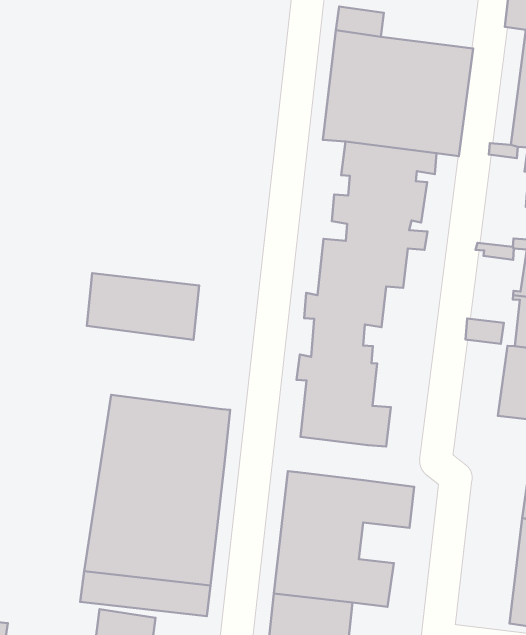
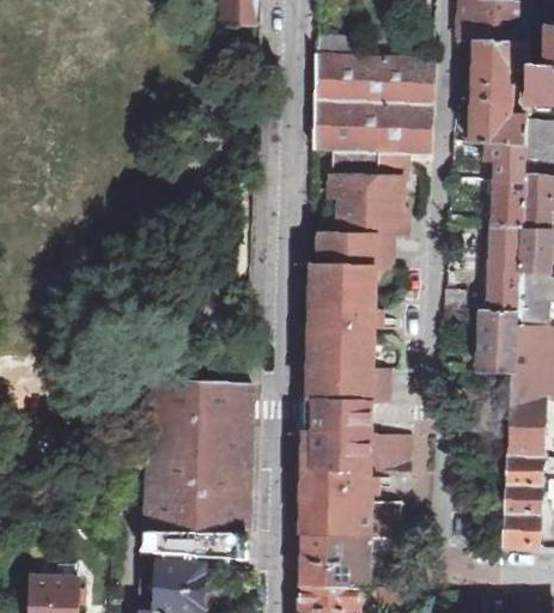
building: [87,273,199,340] -> none
building: none -> [313,401,371,433]

